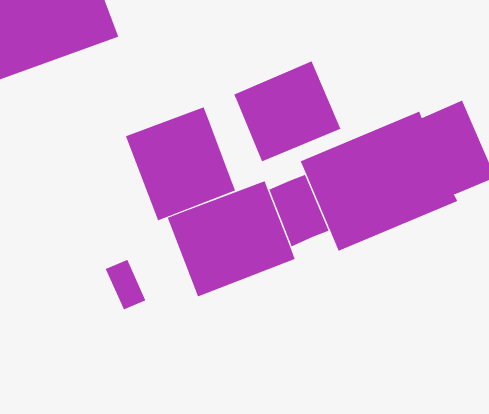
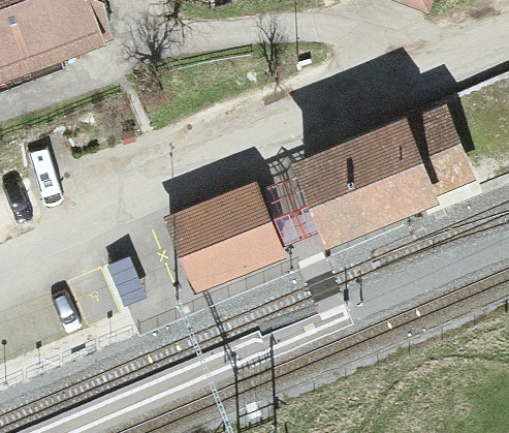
building: [234,61,341,162] -> none
building: [125,106,236,221] -> none

